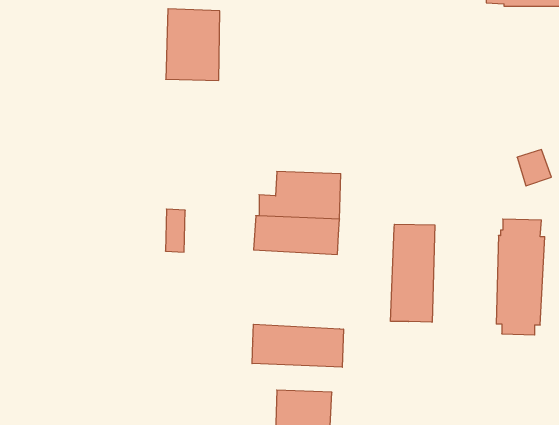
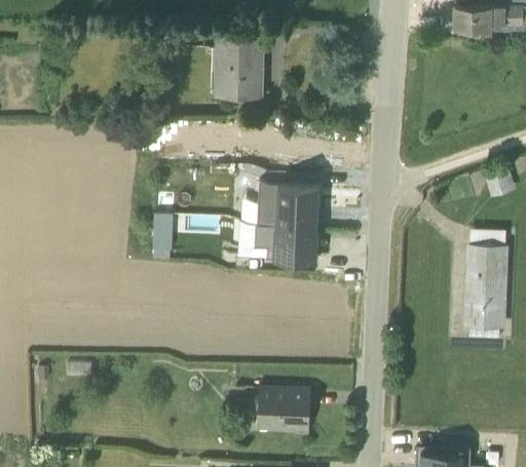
building: [166,9,220,80] -> [213,38,263,105]
building: [391,224,435,322] -> none
building: [252,324,343,367] -> none

